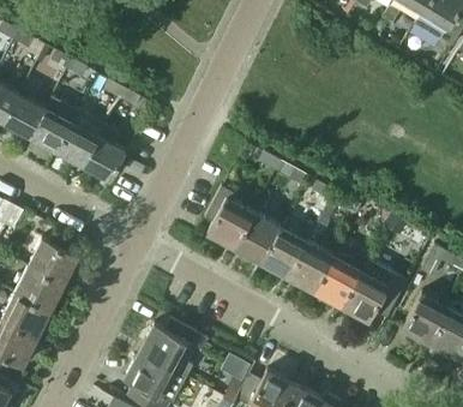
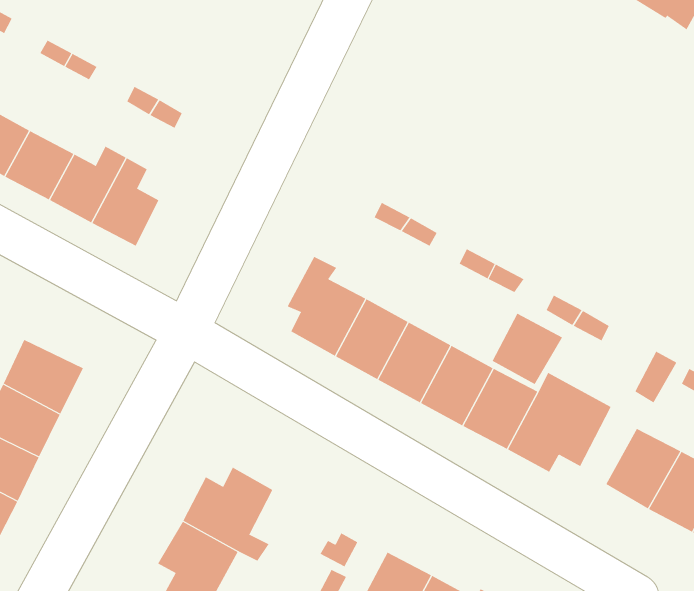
building: none -> [492,313,563,385]

